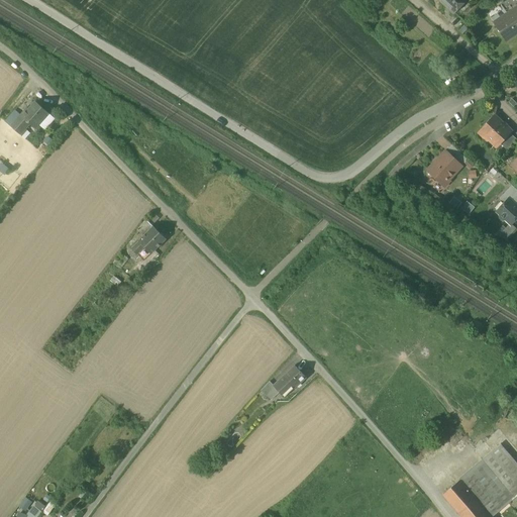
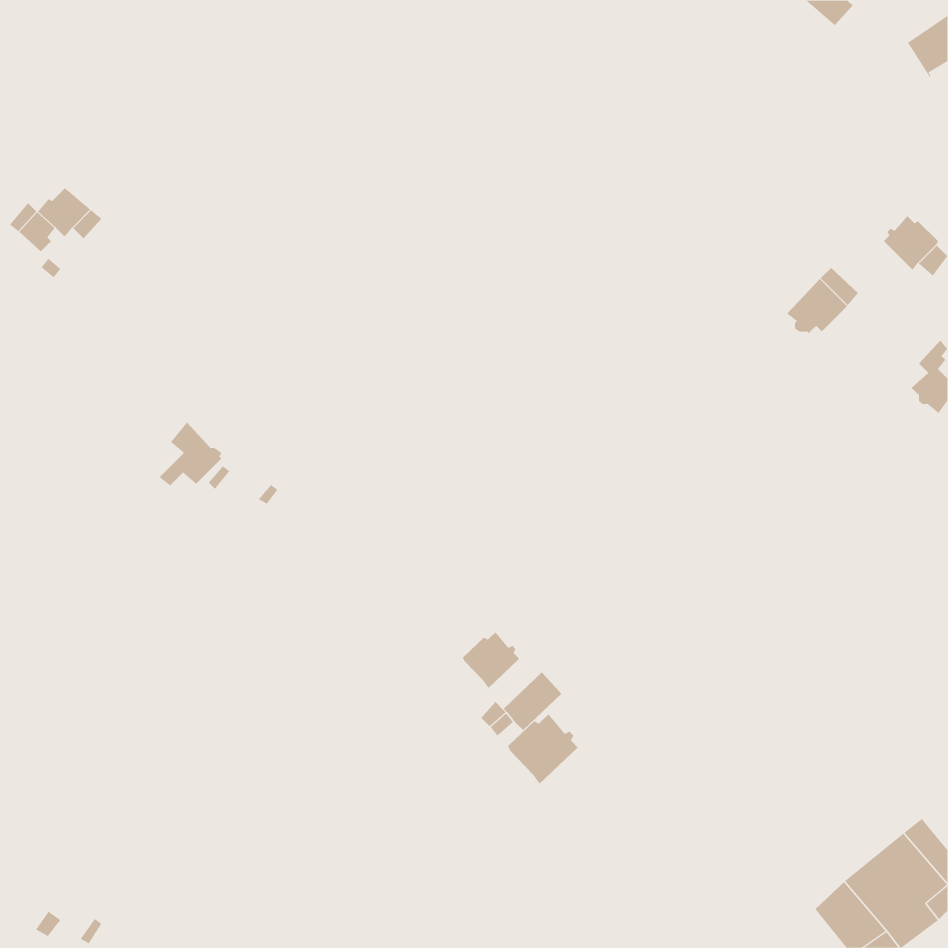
building: [131,219,166,254] -> [159,421,222,486]
building: none -> [462,631,520,689]
building: none -> [507,714,579,785]

